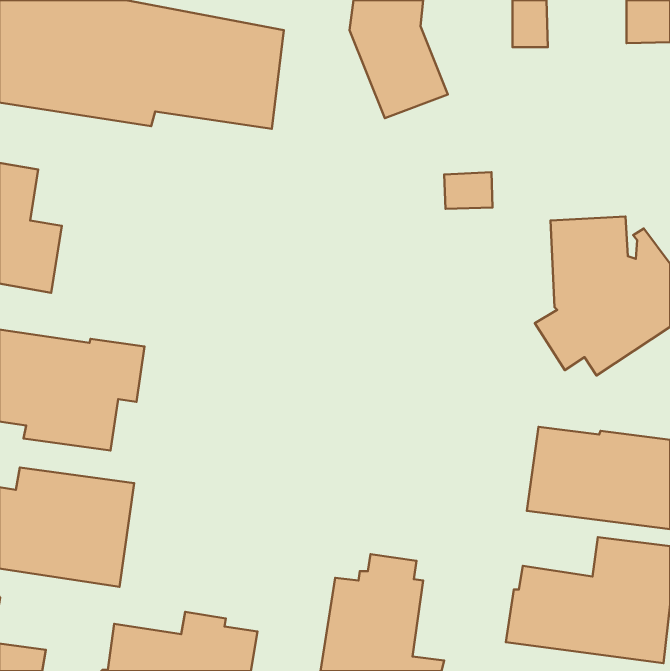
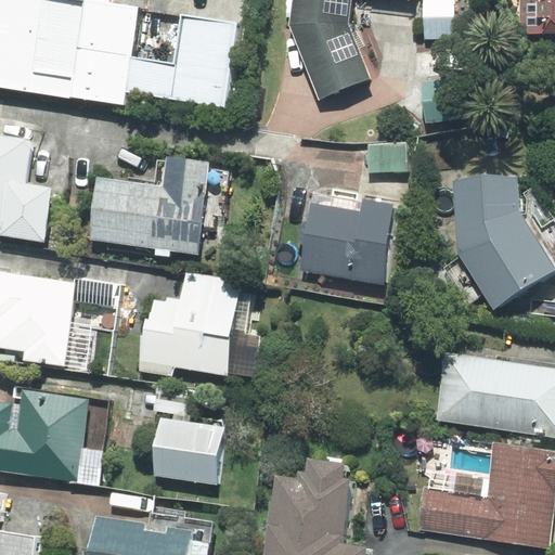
building: none -> [89,155,231,255]
building: none -> [297,194,398,285]
building: none -> [137,275,261,377]
building: none -> [153,418,222,483]

